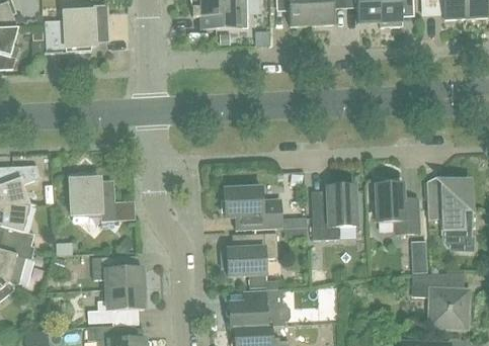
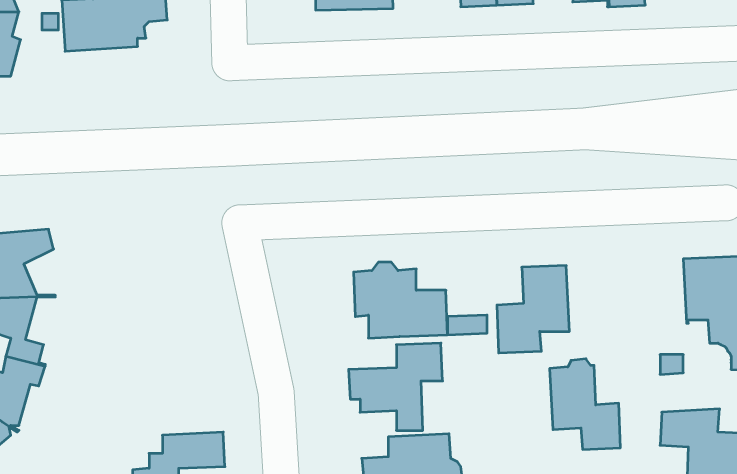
building: [67,172,116,221] -> none
building: [376,178,419,234] -> [550,359,620,449]
building: [92,256,144,289] -> none

